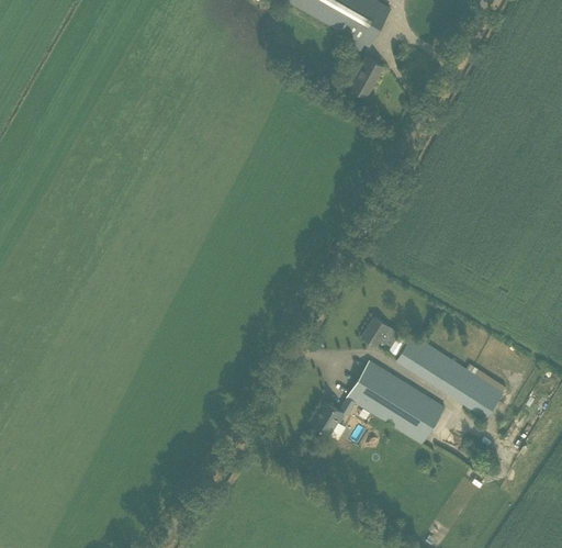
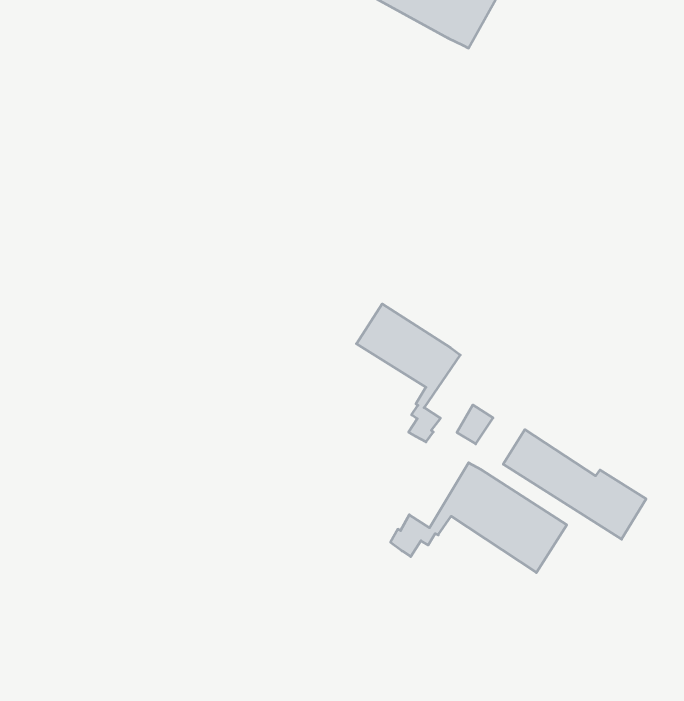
building: [350,56,383,96] -> none
building: none -> [356,304,460,442]

